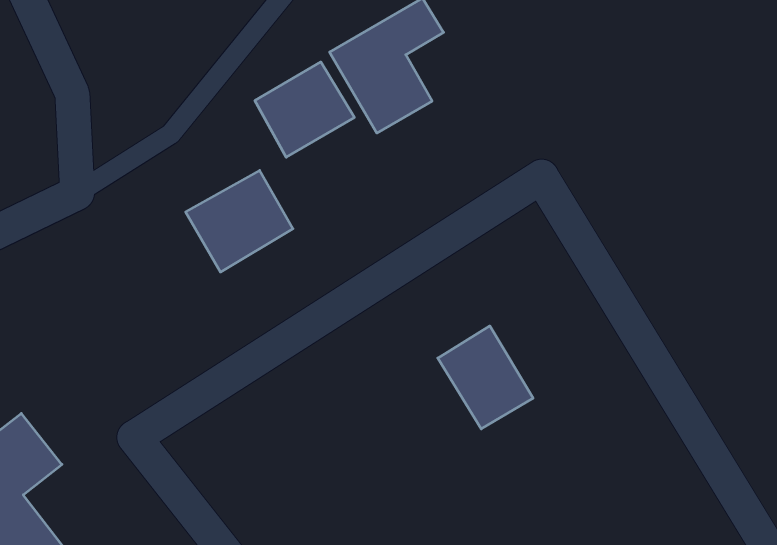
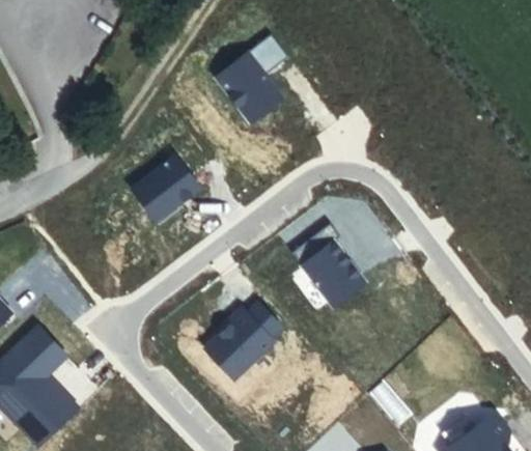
building: [255,62,354,157] -> none
building: none -> [205,304,282,379]

